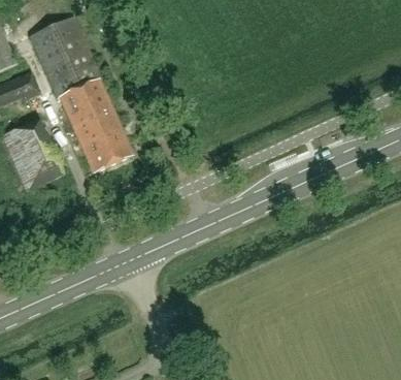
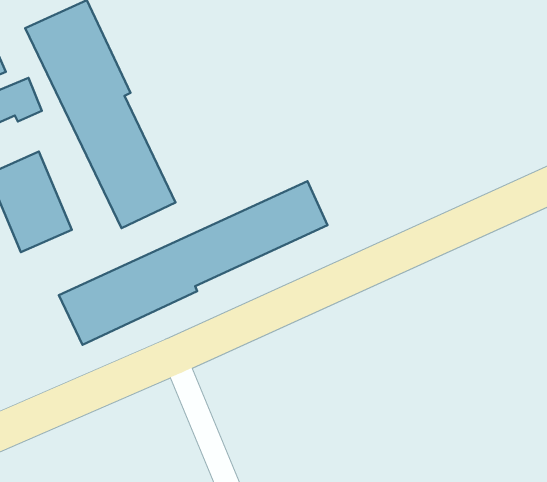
building: none -> [59,181,328,345]

